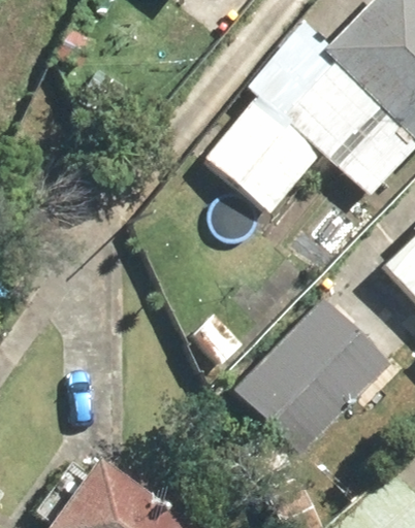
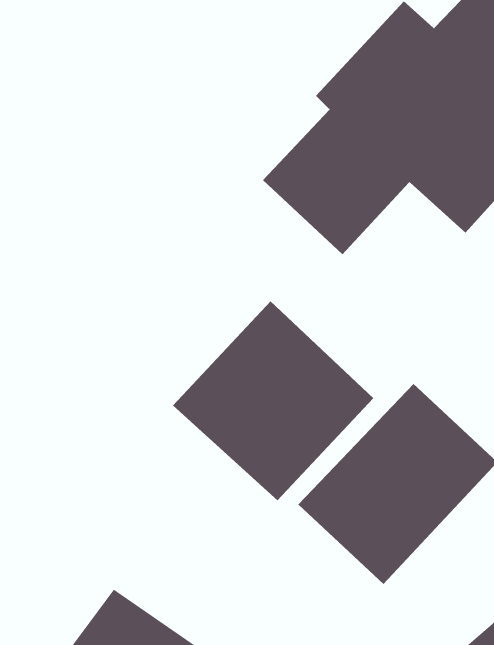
building: none -> [172,301,374,501]

